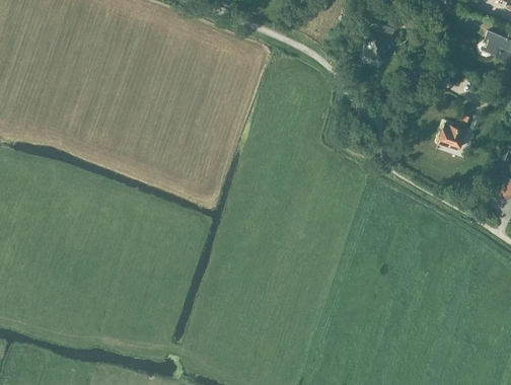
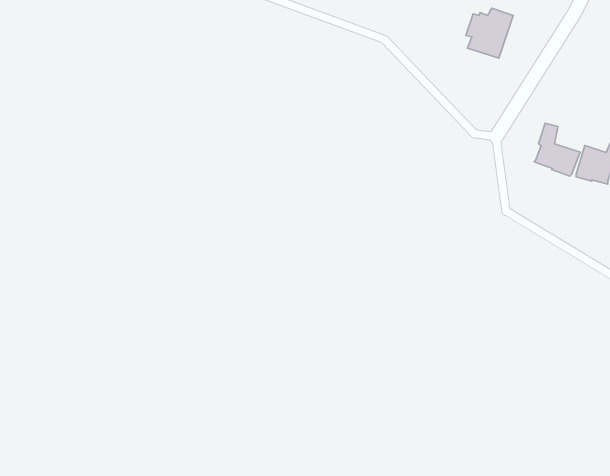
building: none -> [534,123,580,176]

